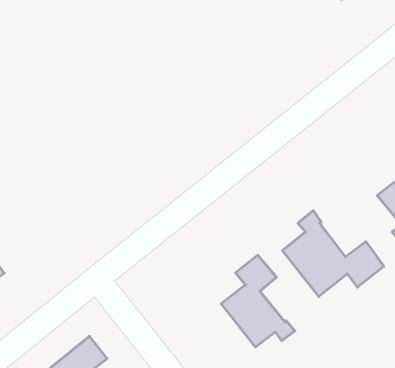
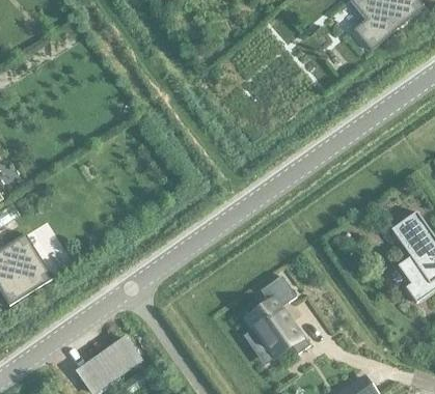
building: [283,211,384,297] -> none

